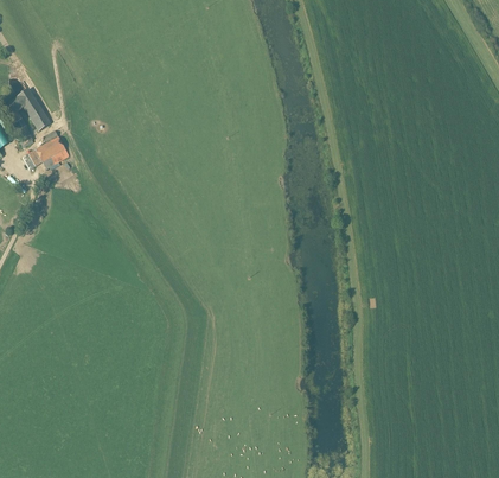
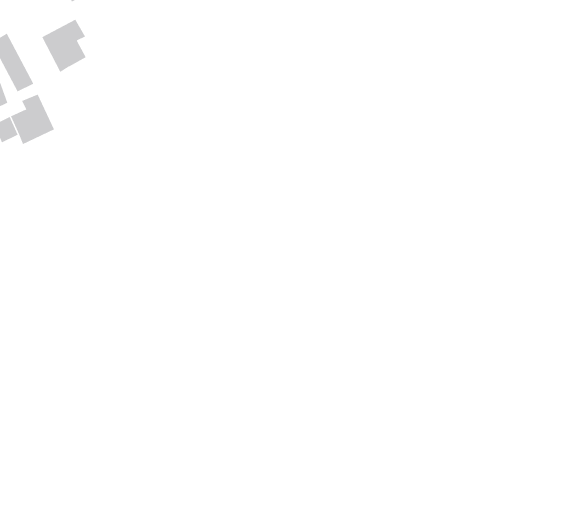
building: none -> [41,19,87,73]

